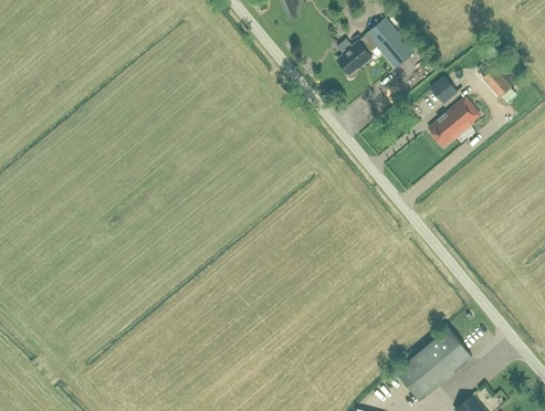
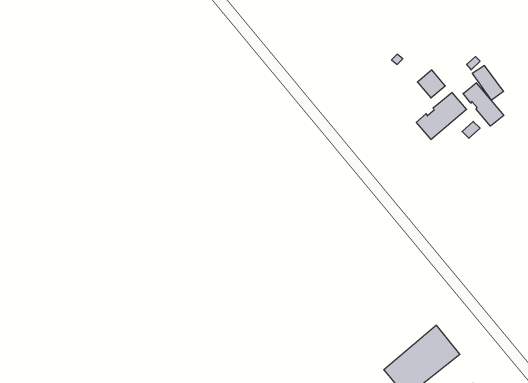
building: [338,18,415,74] -> none
building: none -> [463,83,504,126]

